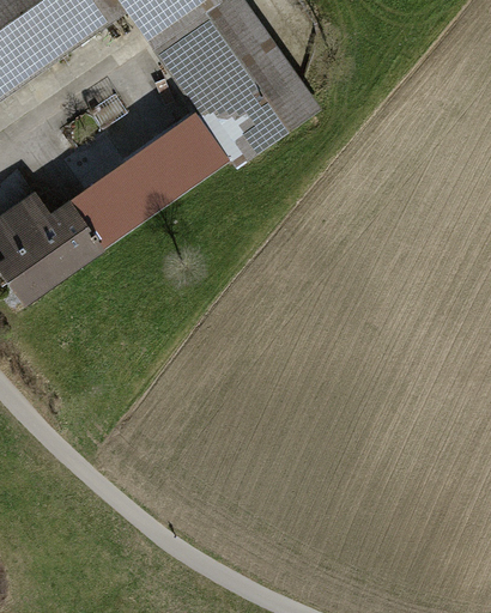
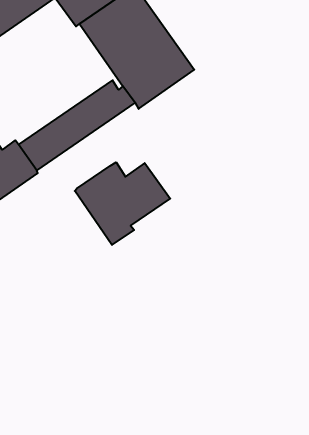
building: none -> [75,162,170,245]

